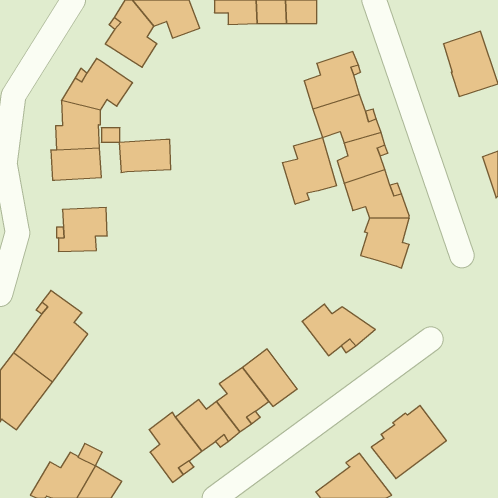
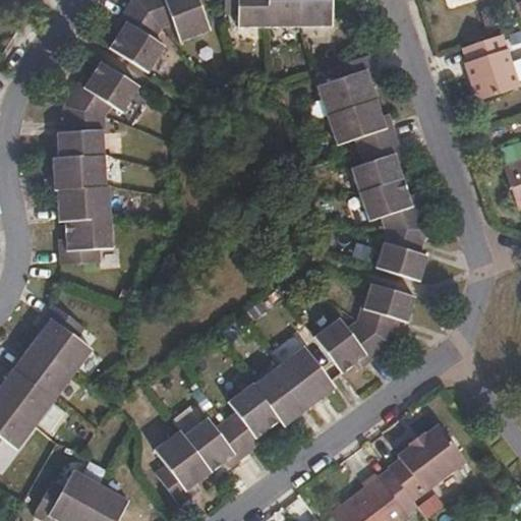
building: [282,137,336,204] -> none
building: [119,139,171,173] -> [57,185,111,220]
building: none -> [357,283,415,344]
building: none -> [279,346,335,406]

